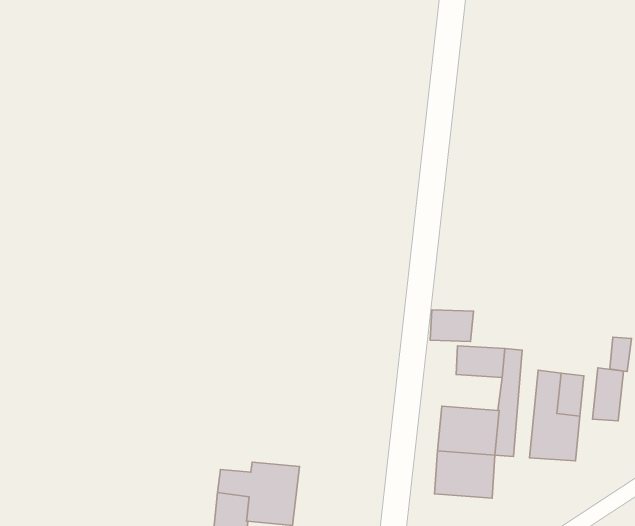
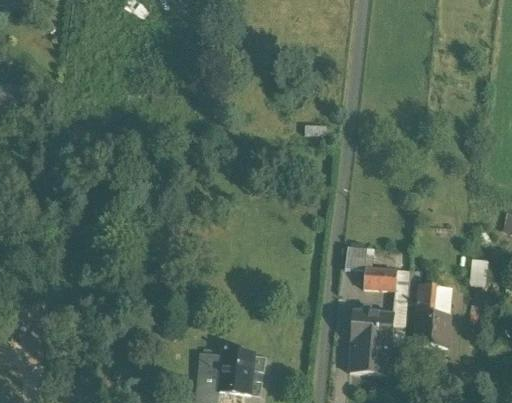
building: [592,368,624,421] -> none

